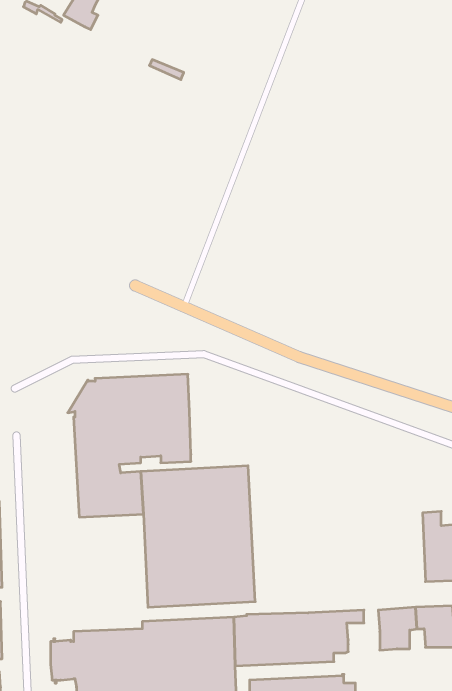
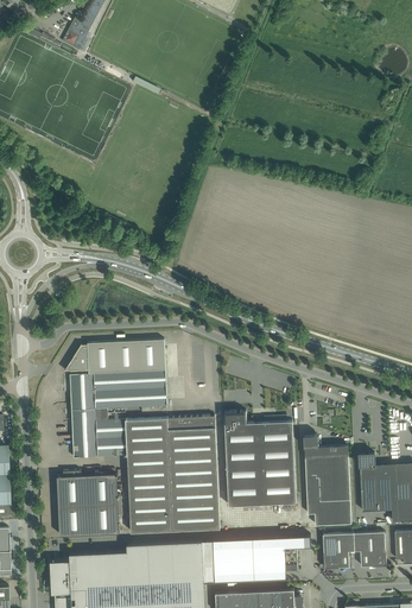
building: none -> [223,411,296,506]
building: none -> [303,435,350,526]
building: none -> [56,471,121,537]

